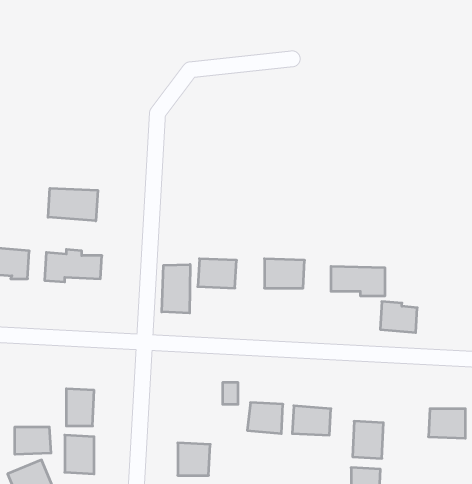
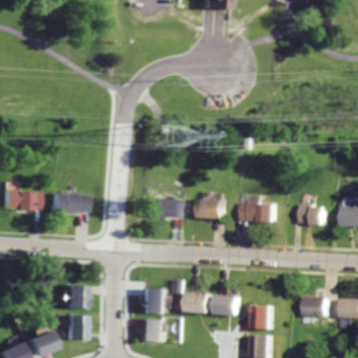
building: [48,188,98,221] -> none
building: [162,264,190,313] -> none
building: [380,302,417,333] -> [302,205,327,225]
building: none -> [144,288,165,314]
building: [15,427,51,454] -> none

